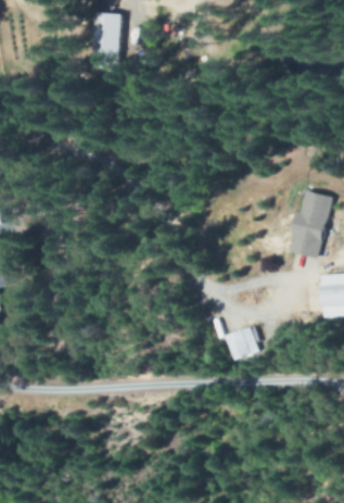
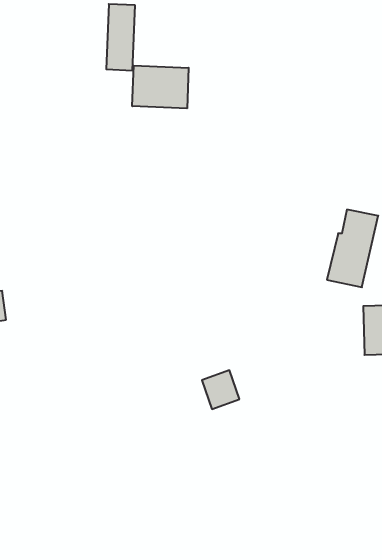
building: none -> [132,66,189,108]
building: [222,326,255,360] -> [202,370,239,409]

